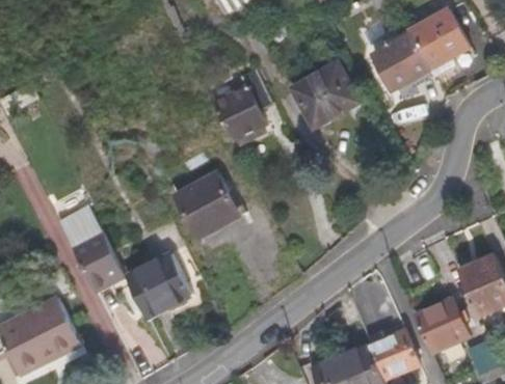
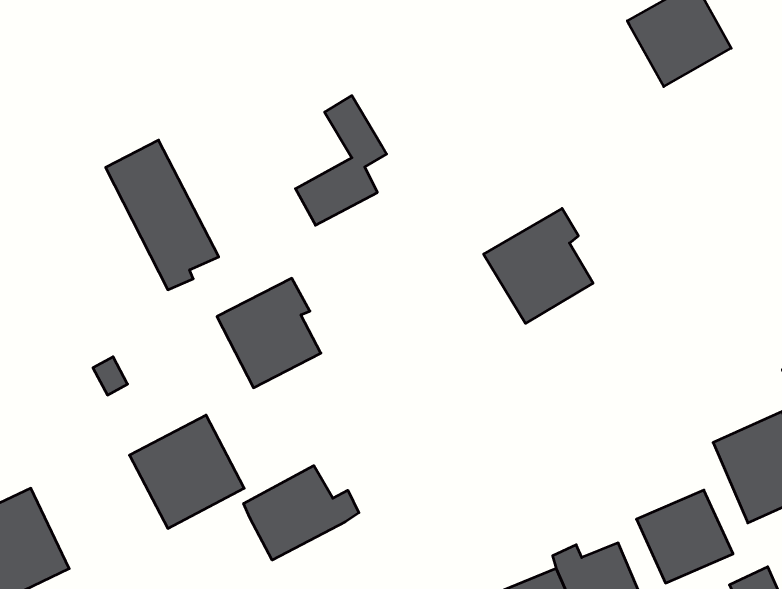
building: [373,32,430,89] -> none
building: [289,63,351,129] -> [484,208,593,323]
building: [59,208,124,293] -> [106,140,219,290]
building: none -> [244,466,359,560]

